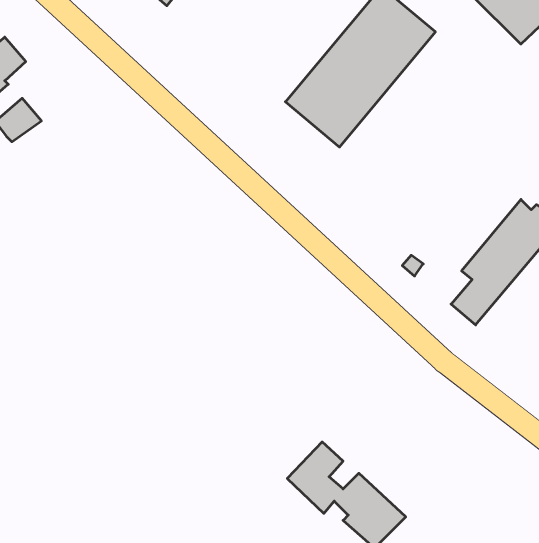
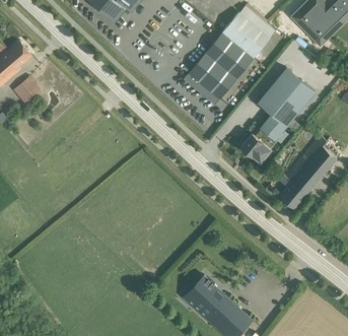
building: none -> [241,68,316,161]

